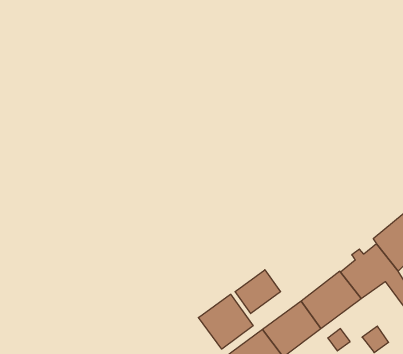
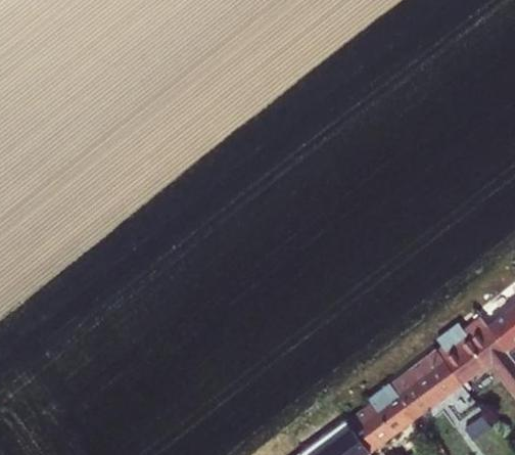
building: [235,270,281,314] -> none
building: [198,294,253,349] -> none

